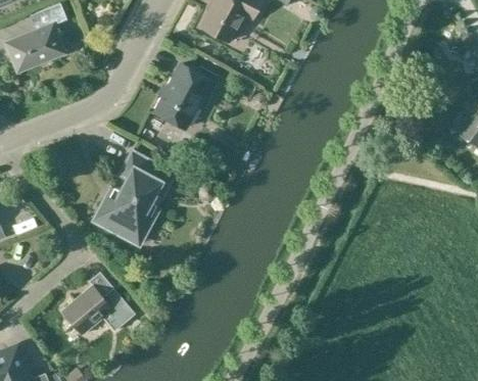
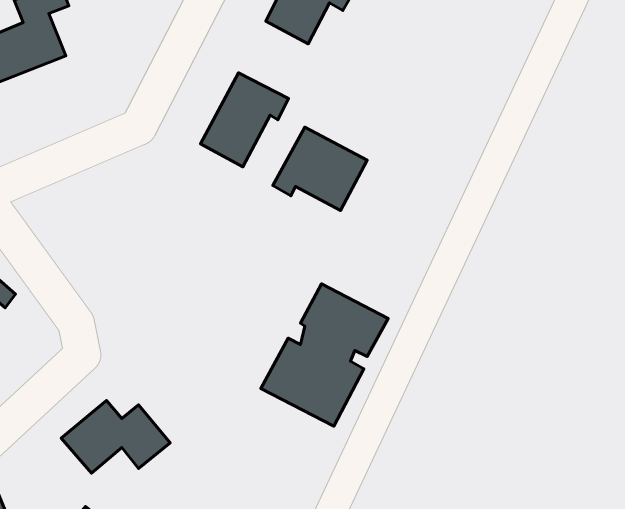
building: none -> [273,127,367,211]
building: [91,151,177,247] -> [261,284,388,426]

